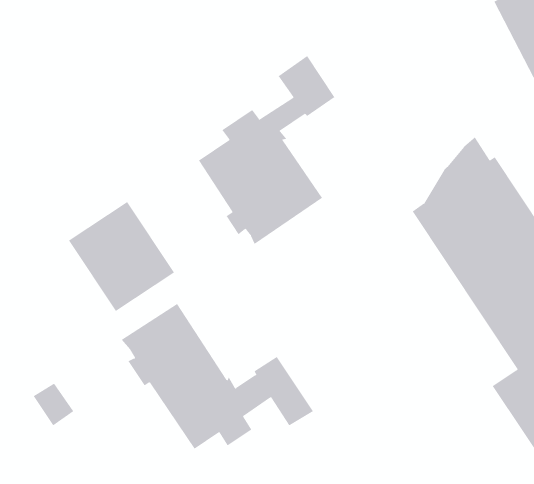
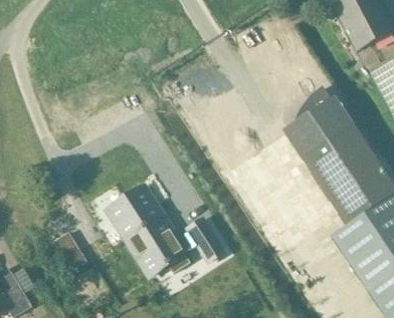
building: [198,55,335,245] -> none
building: [68,201,175,312] -> none

